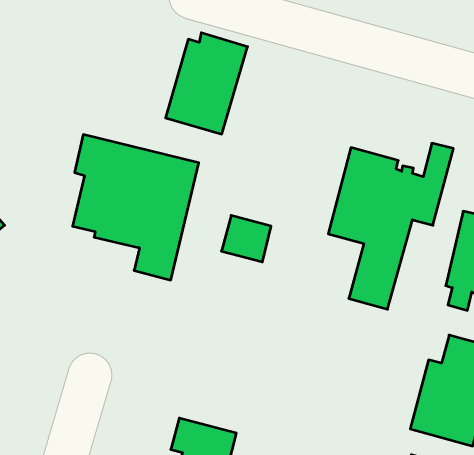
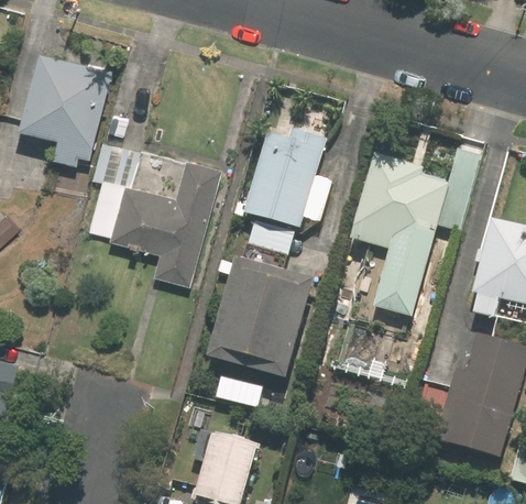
building: [166,33,248,134] -> [242,128,326,231]
building: none -> [22,53,111,165]
building: none -> [206,261,310,380]

